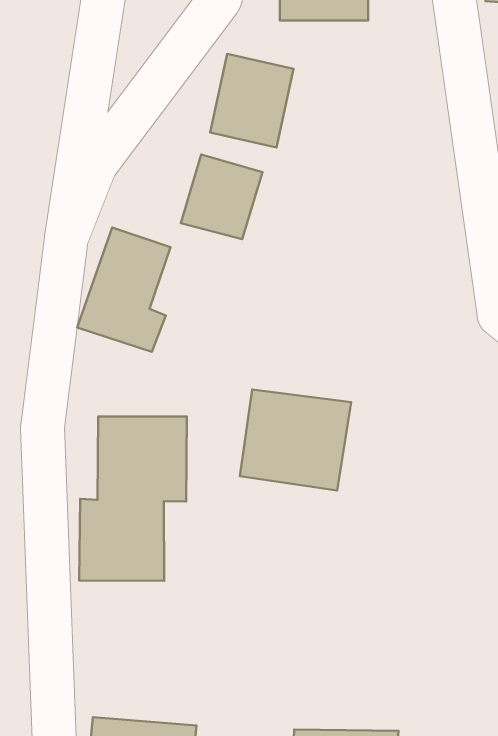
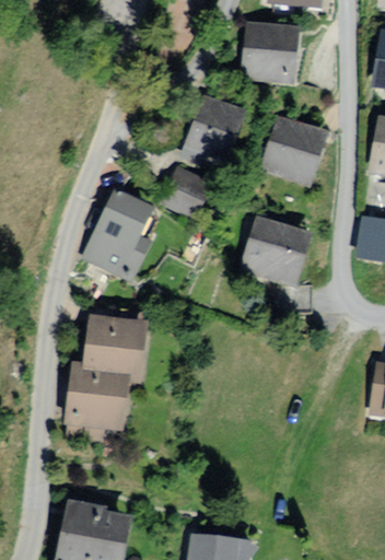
building: none -> [260,116,328,186]
building: [240,390,351,491] -> [238,214,315,285]

